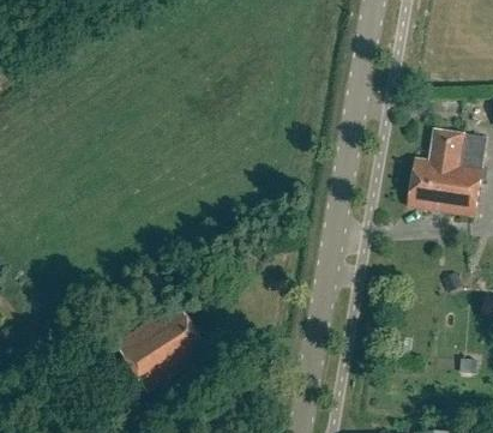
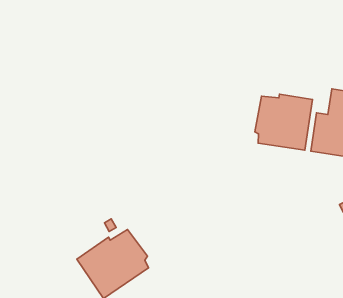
building: none -> [255,94,313,150]

